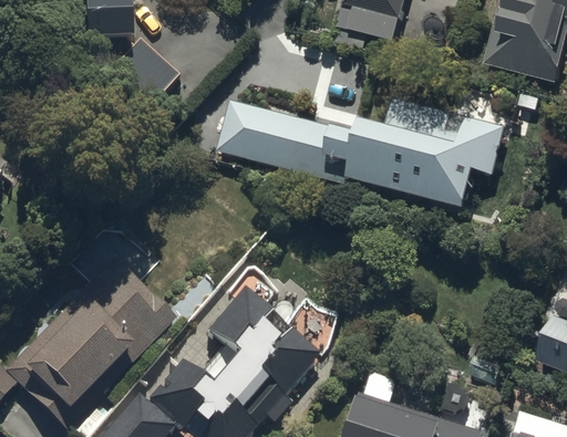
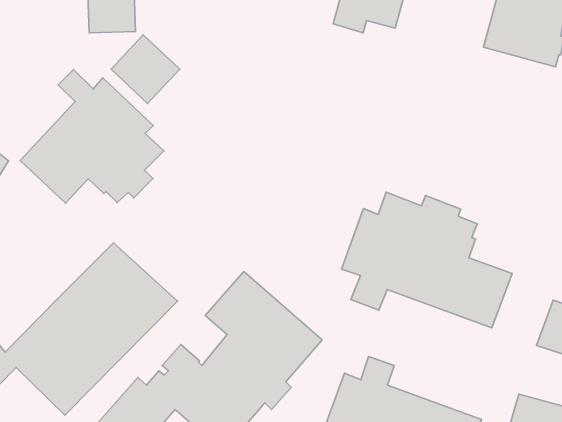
building: none -> [20,69,164,203]
building: [219,94,509,208] -> none
building: none -> [342,192,512,328]

